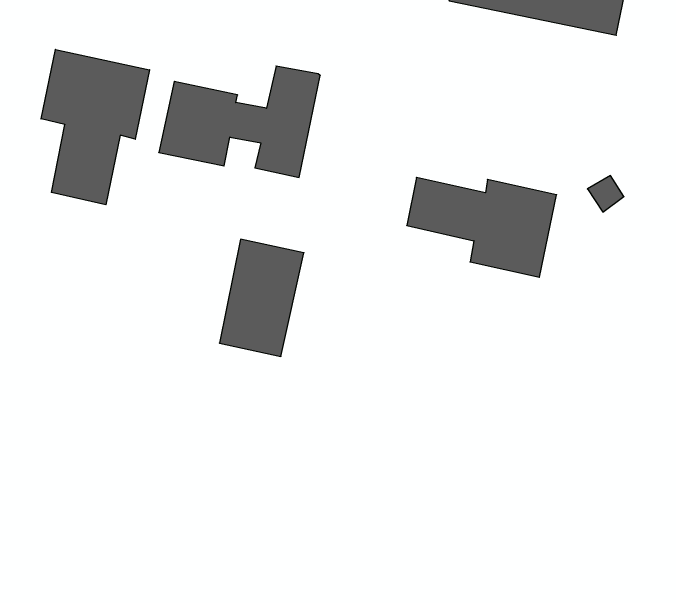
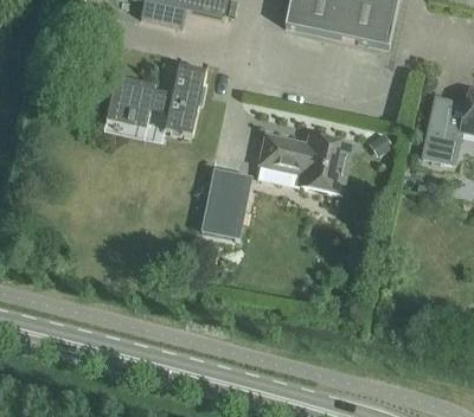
building: [41,49,150,205] -> none
building: [219,239,304,356] -> [197,167,249,239]

